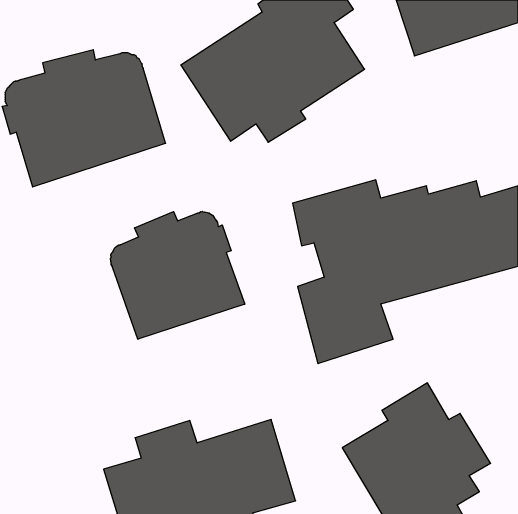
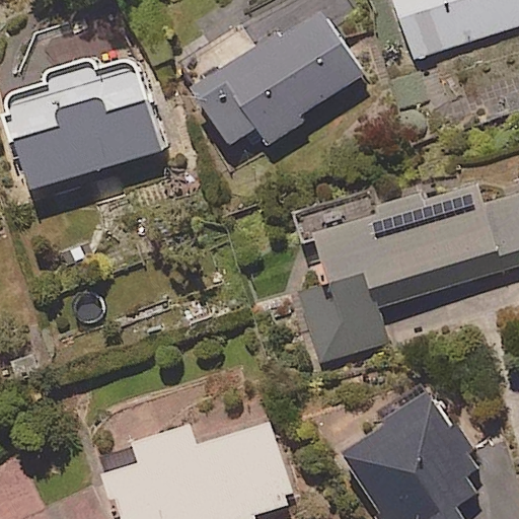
building: [110,211,245,339] -> none

